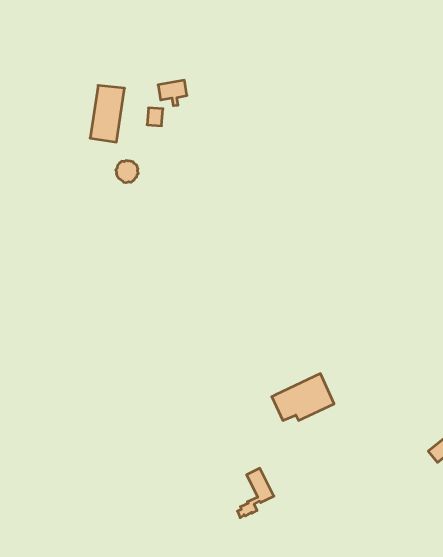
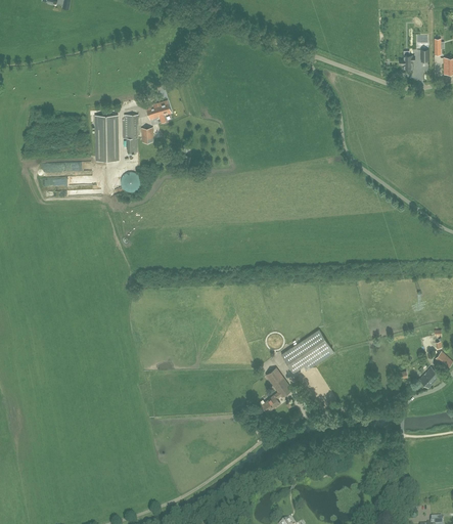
building: none -> [122,115,137,151]
building: [237,468,274,518] -> [262,367,290,411]

